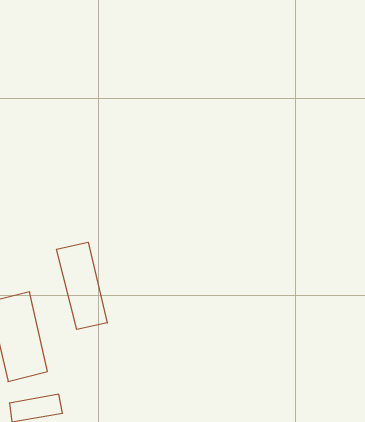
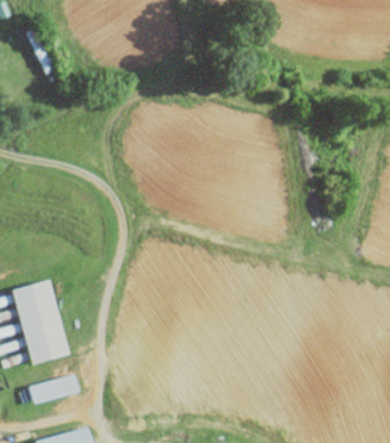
building: [57,242,107,329] -> none

